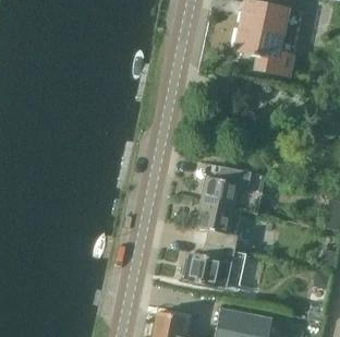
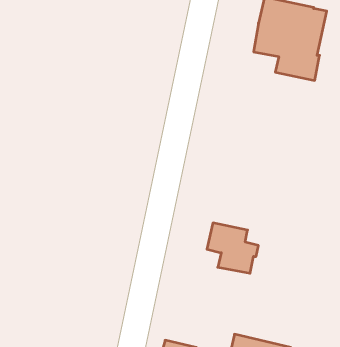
building: [199,169,248,212] -> none
building: [182,245,245,290] -> none

